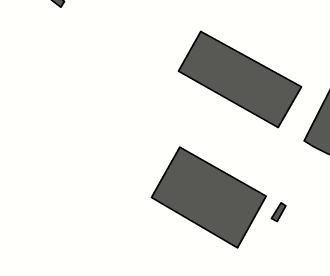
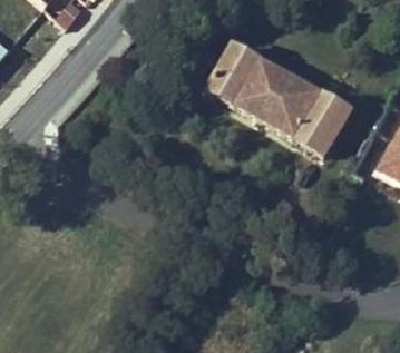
building: [152,147,266,248] -> none

